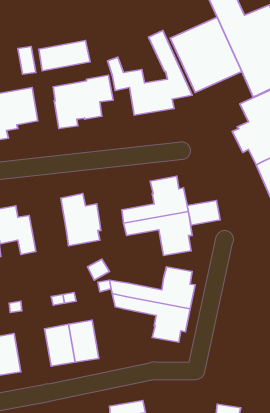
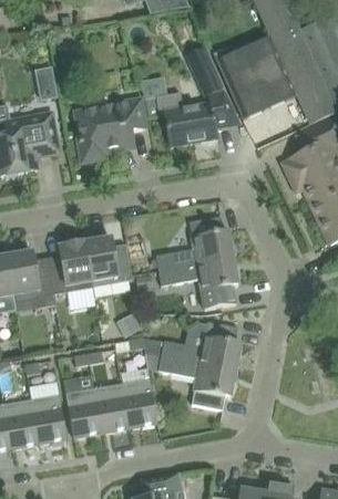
building: [39,40,90,71] -> none
building: none -> [49,241,92,292]
building: [187,200,220,225] -> none
building: none -> [122,377,157,427]
building: none -> [31,394,68,443]

